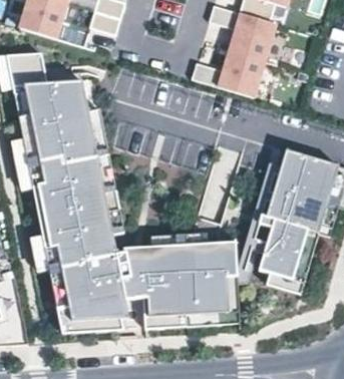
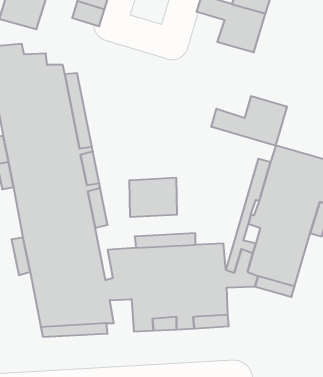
building: [191,50,264,97] -> [211,96,287,145]
building: none -> [130,178,177,217]

